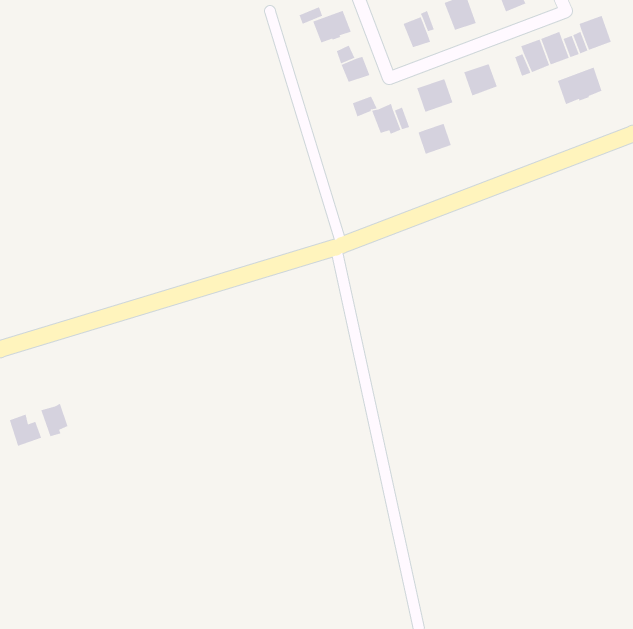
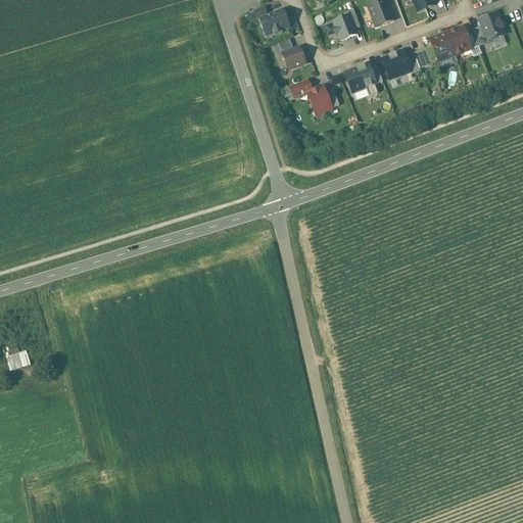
building: [557,67,603,105] -> none
building: [417,123,452,155] -> none
building: [40,403,68,437] -> none

